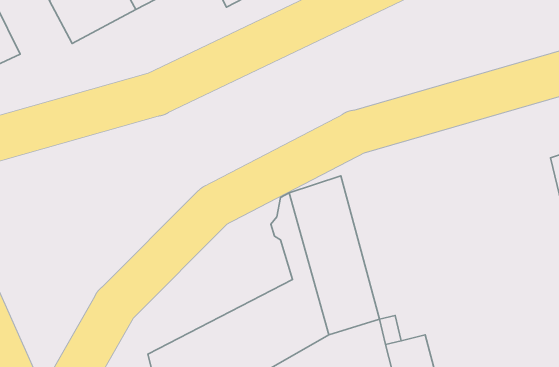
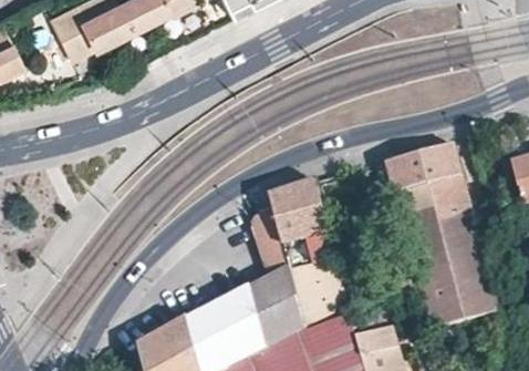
building: none -> [384,147,499,331]

